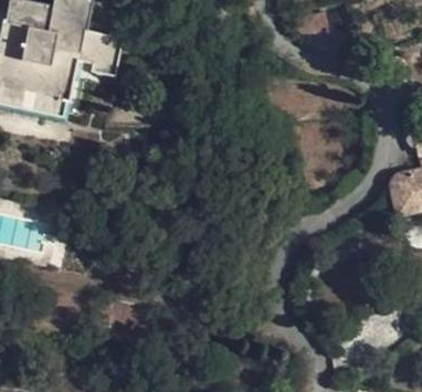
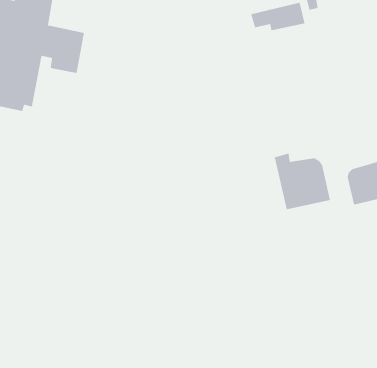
building: none -> [274,153,331,210]

